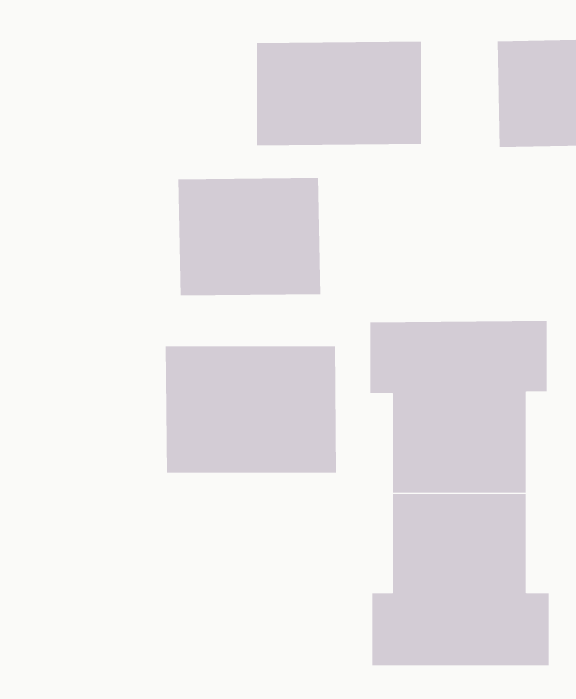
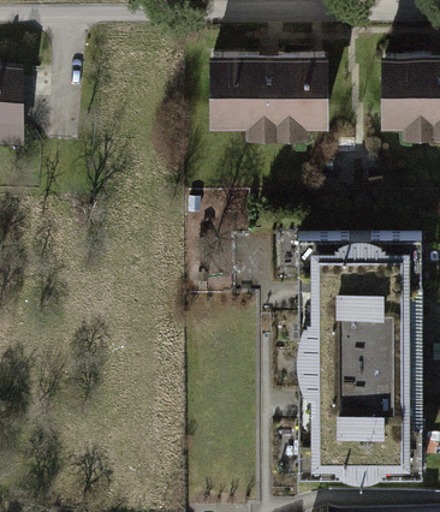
building: [178,177,321,296] -> none
building: [165,346,336,473] -> none

